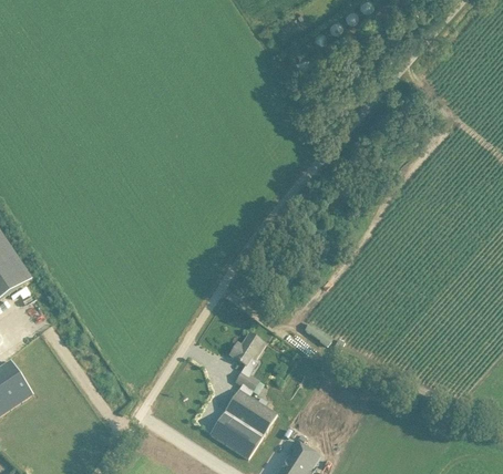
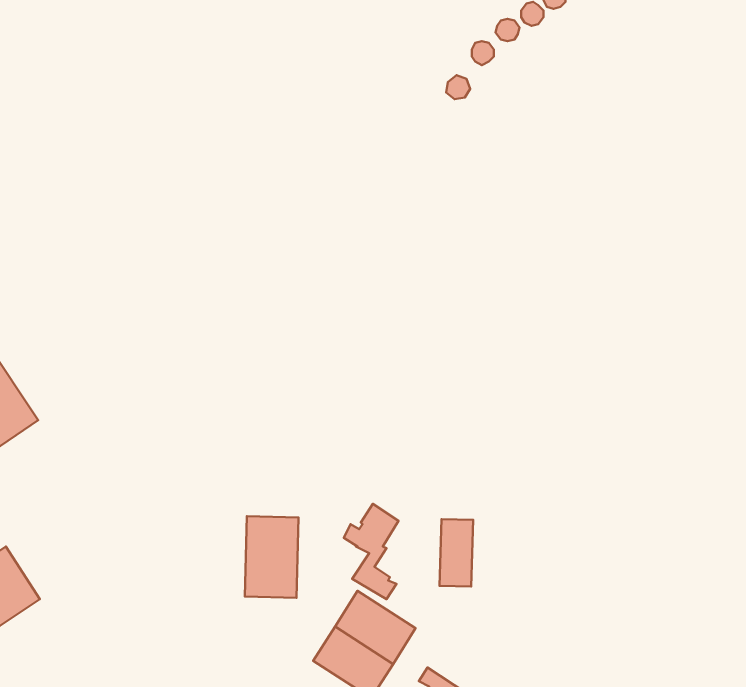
building: none -> [245,516,299,598]
building: none -> [440,519,473,587]

